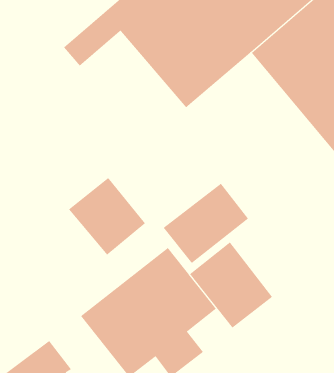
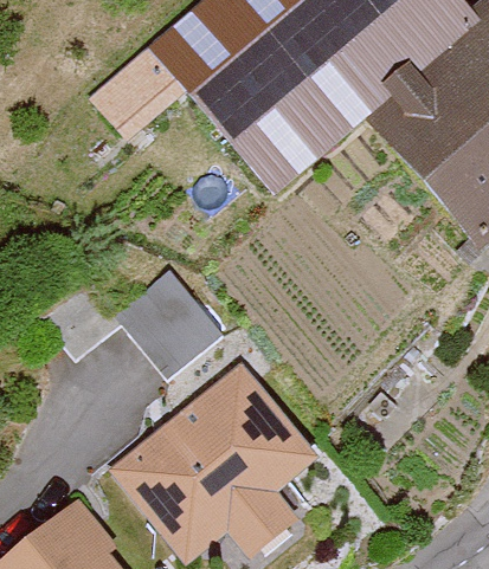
building: [163,183,249,264] -> none
building: [189,242,273,329] -> none

